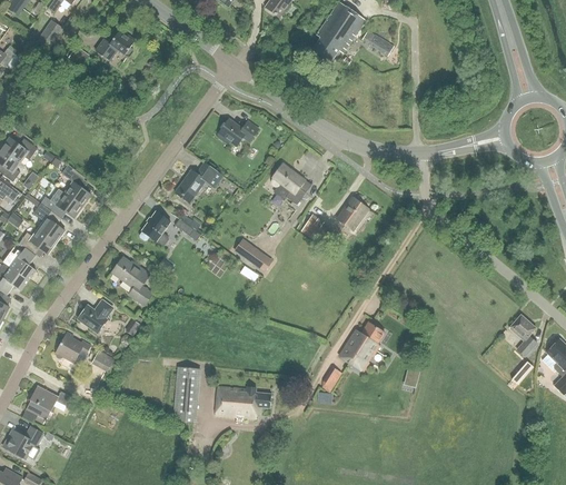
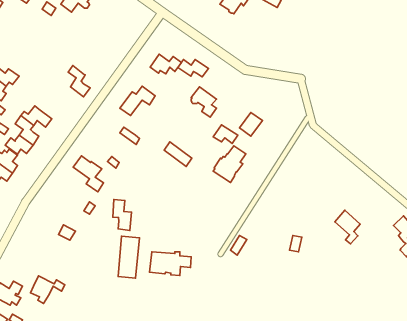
building: none -> [178,59,208,77]
building: [61,164,91,206] -> [68,66,90,97]
building: [139,210,170,244] -> none
building: [78,299,113,331] -> none
building: [502,308,536,354] -> [335,210,360,244]
building: none -> [113,200,131,230]
building: [340,320,385,370] -> [213,146,246,183]
building: [56,331,91,366] -> none
building: [26,385,72,423] -> [30,276,65,304]

